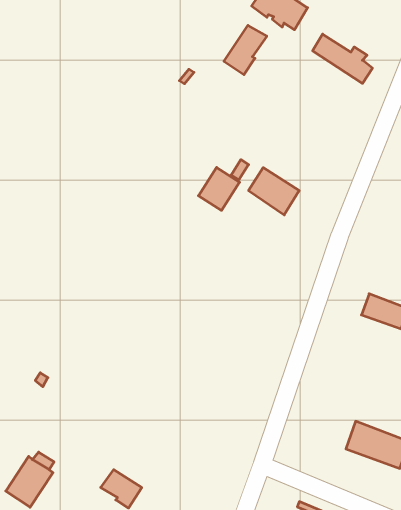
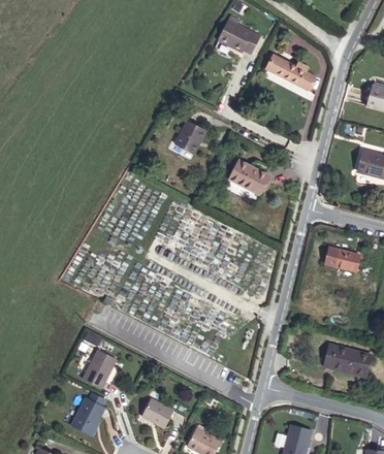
building: [224,25,267,75] -> none
building: [198,167,240,210] -> [175,121,205,153]
building: none -> [83,349,117,388]

